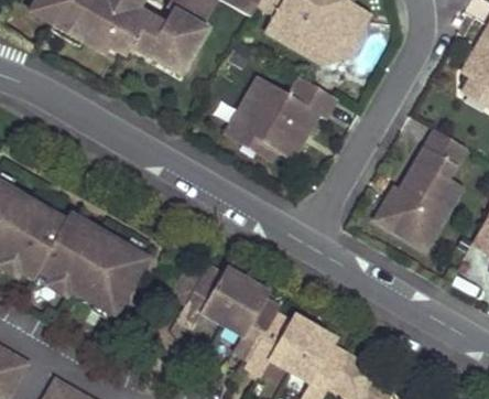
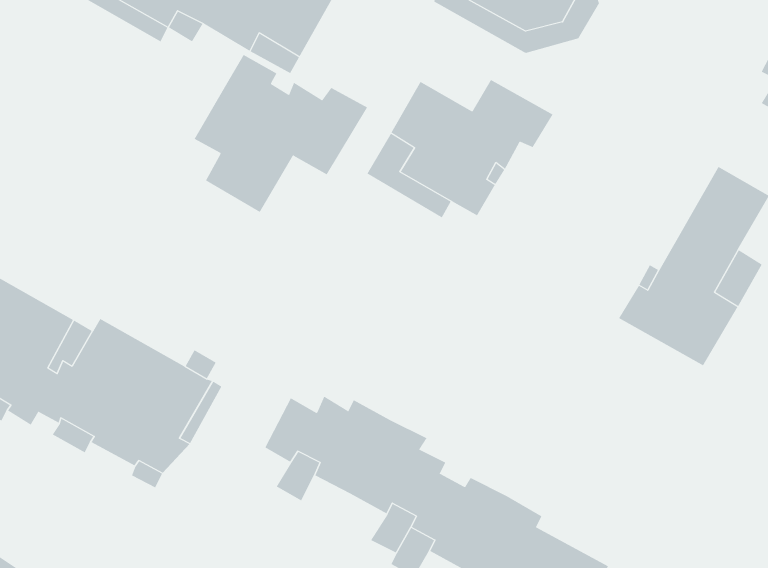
building: none -> [194,54,368,213]

